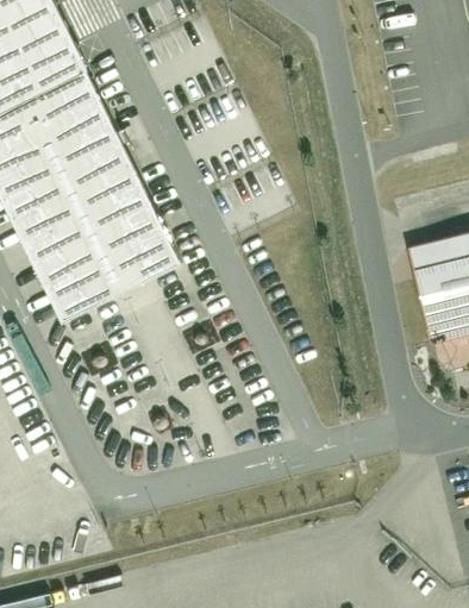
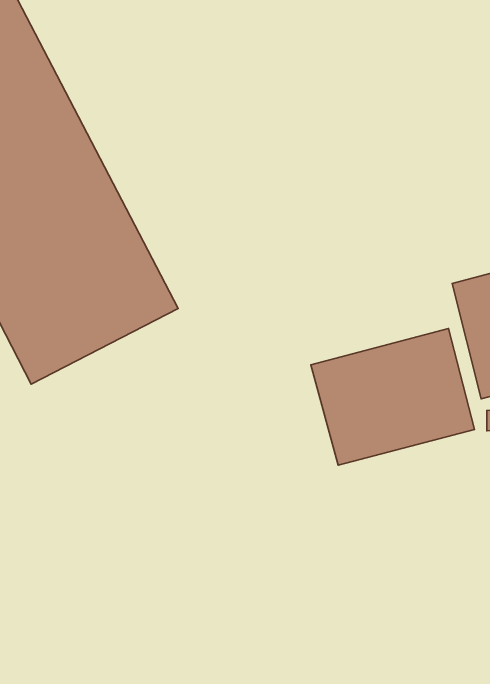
building: none -> [311,329,475,465]

